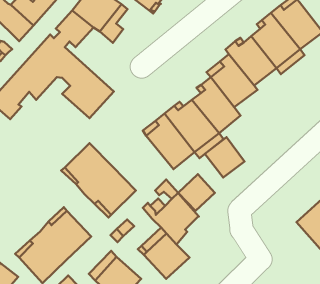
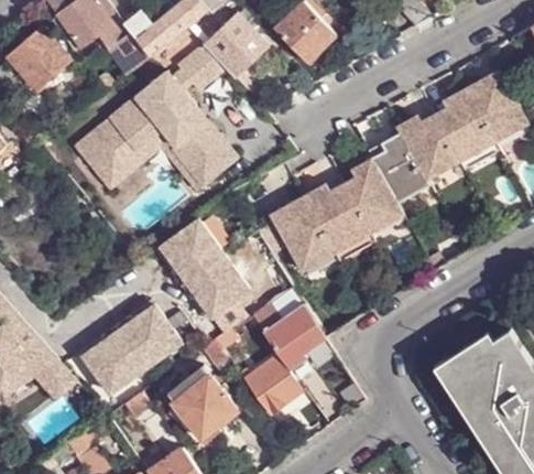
building: none -> [98,127,203,193]
building: [205,137,245,177] -> none
building: [178,174,215,211] -> none

